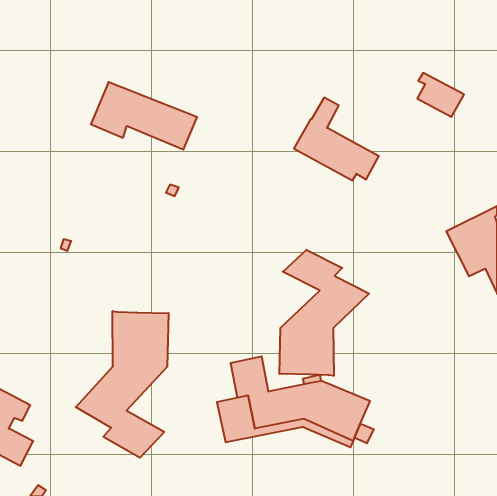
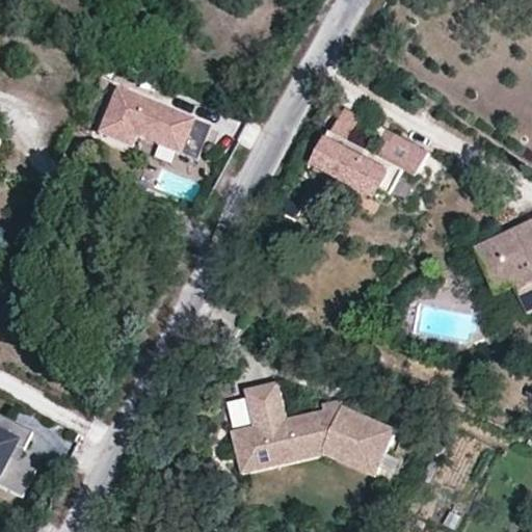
building: [417,73,464,117] -> [378,126,428,172]
building: [279,250,369,376] -> none
building: [76,311,169,458] -> none

